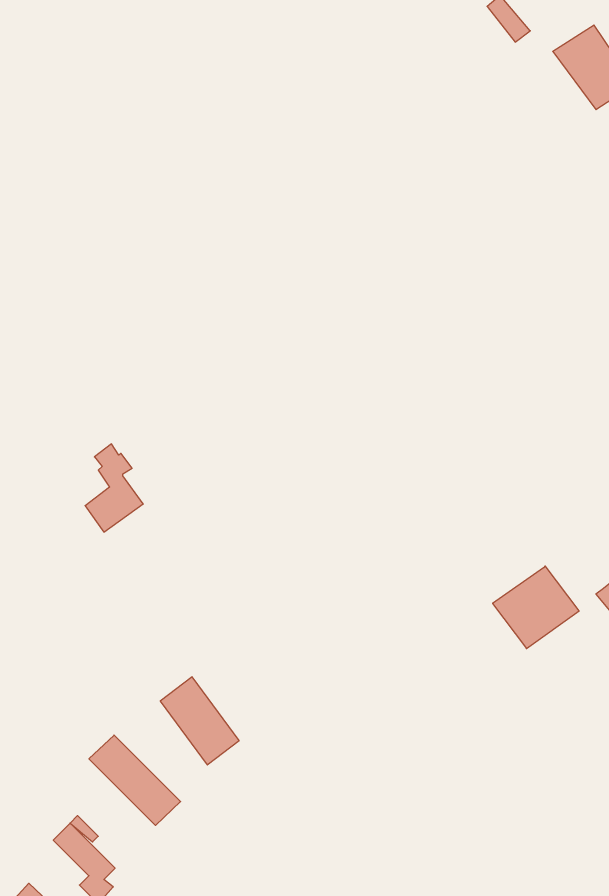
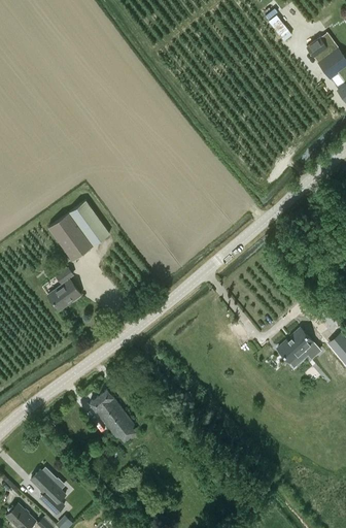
building: none -> [48,200,109,260]
building: [89,735,181,825] -> none

